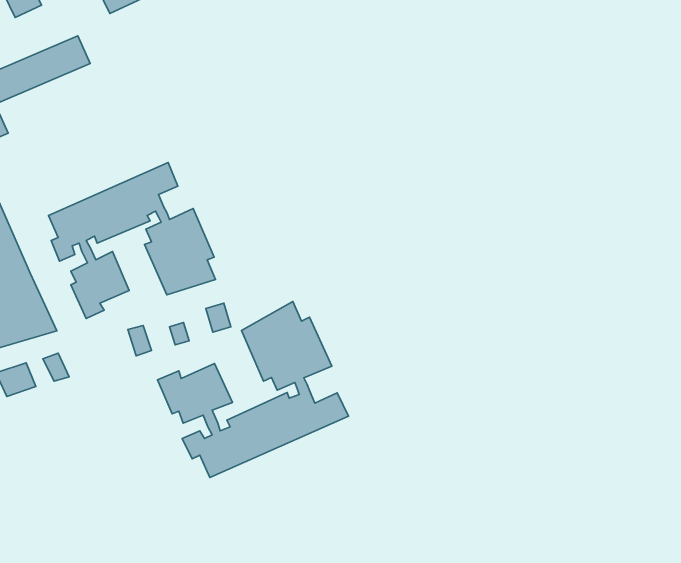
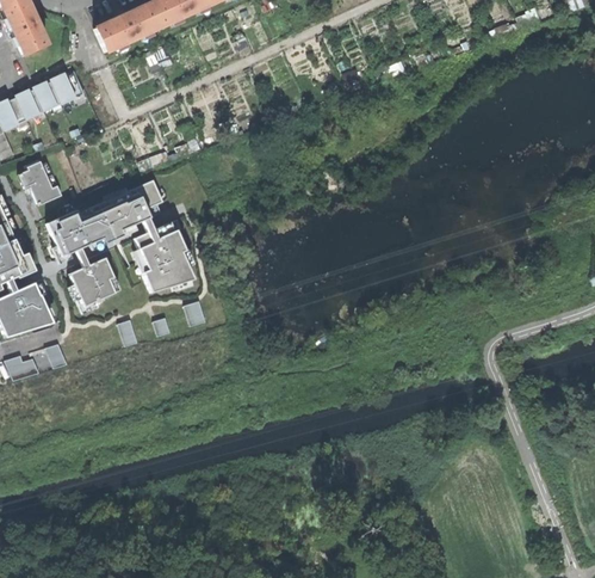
building: none -> [18,160,61,204]
building: [158,302,348,477] -> none

